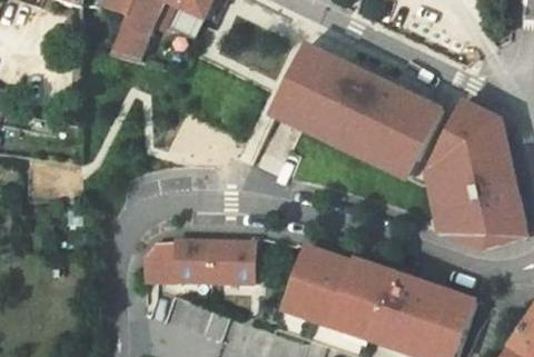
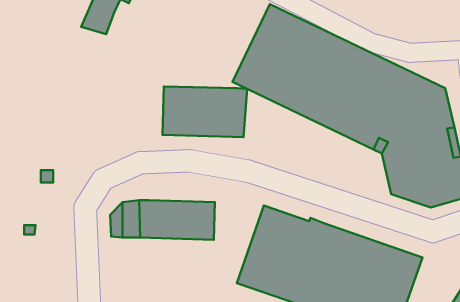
building: none -> [163,87,247,137]

